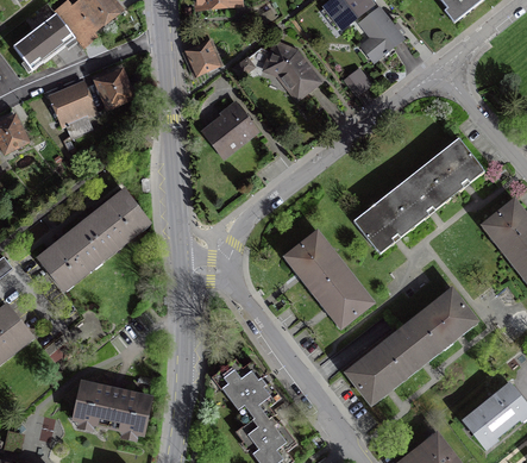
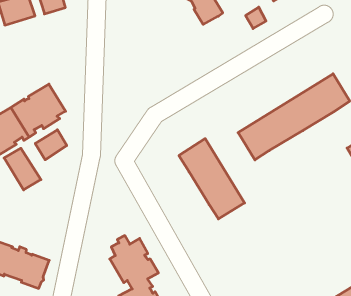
building: [202,105,257,158] -> none
building: none -> [35,130,67,160]
building: none -> [4,148,41,190]
building: [346,290,473,402] -> none

